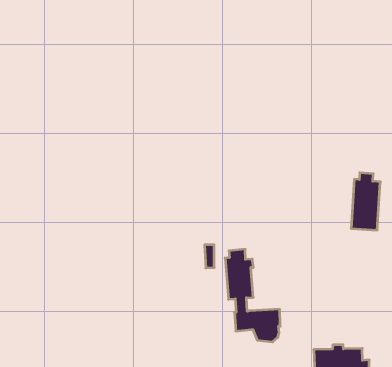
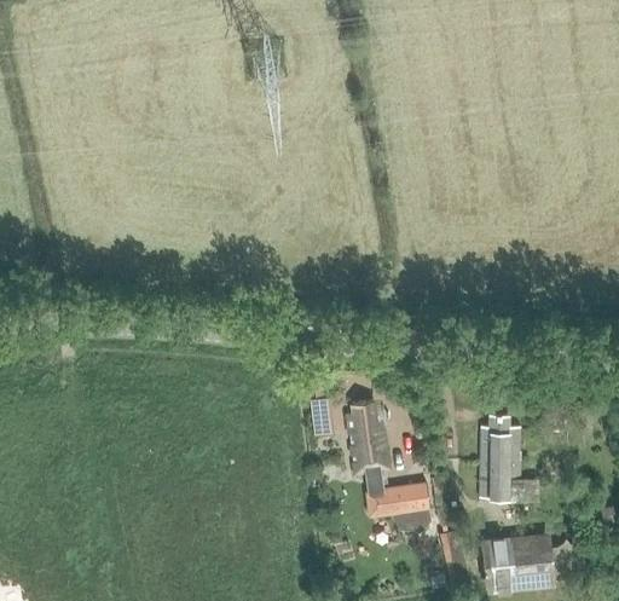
building: [351,173,380,230] -> [481,417,519,497]

